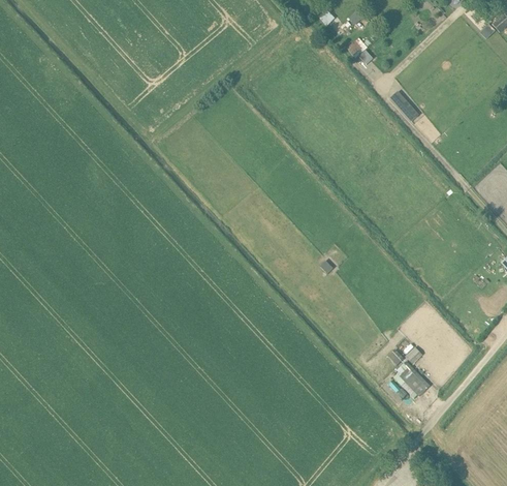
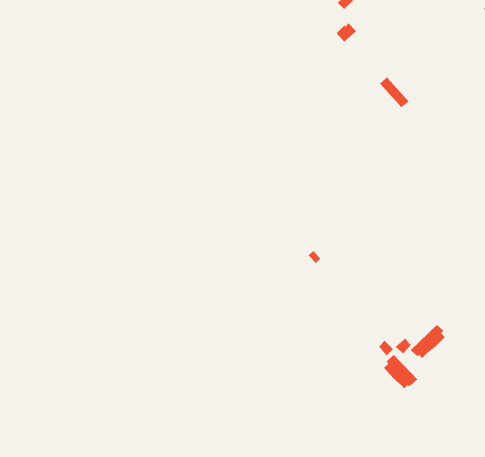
building: none -> [410,324,445,359]

